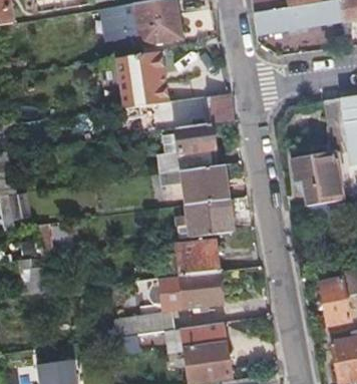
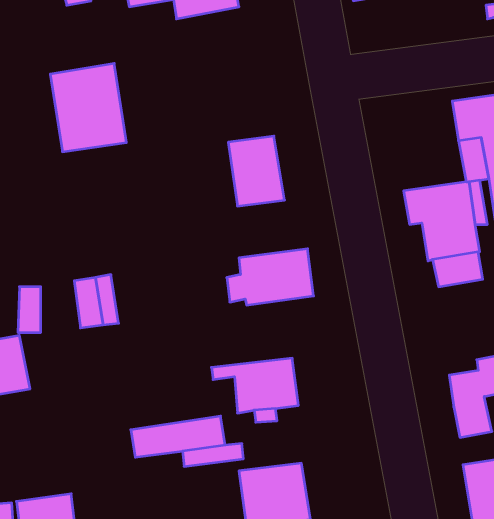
building: [118,49,168,107] -> [50,63,126,152]
building: [177,92,233,123] -> none
building: [168,164,229,204] -> none
building: [129,239,219,280] -> none

